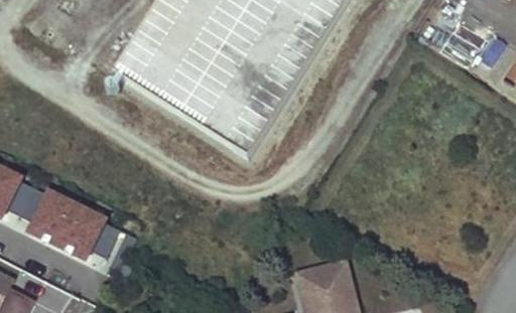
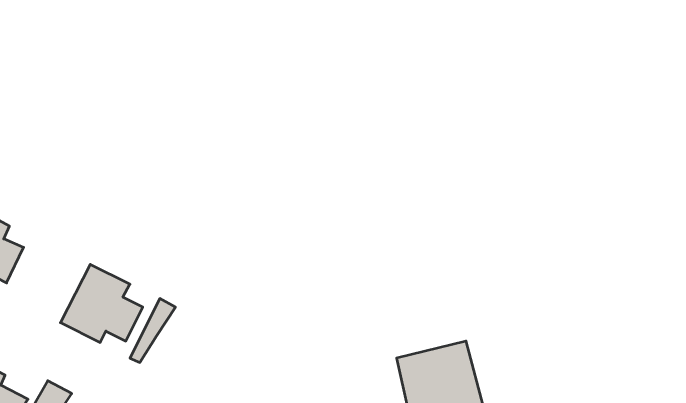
building: [20,190,80,246] -> none

